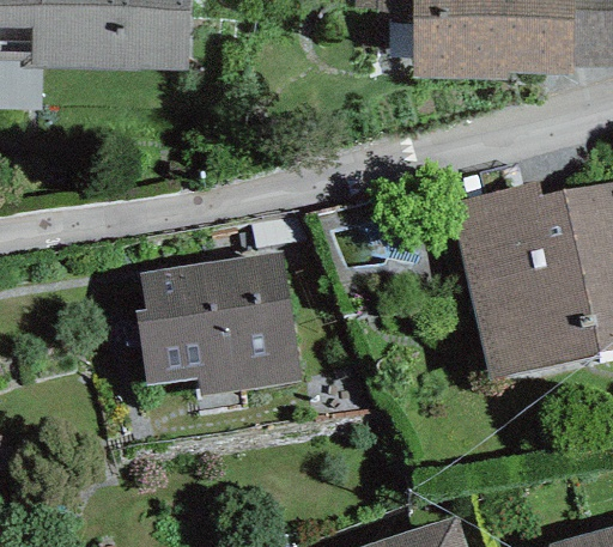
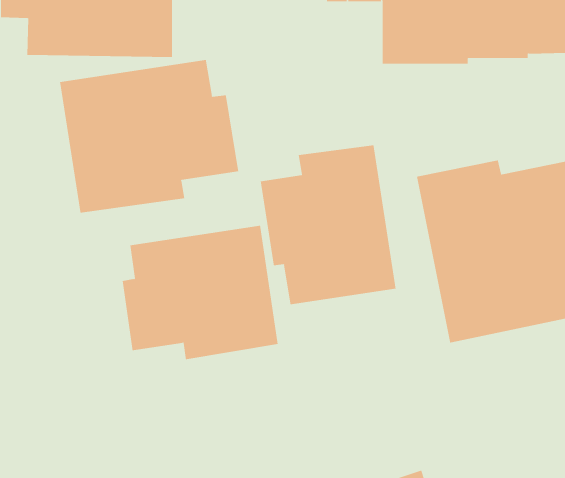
building: none -> [60,59,239,213]
building: none -> [260,145,396,305]

